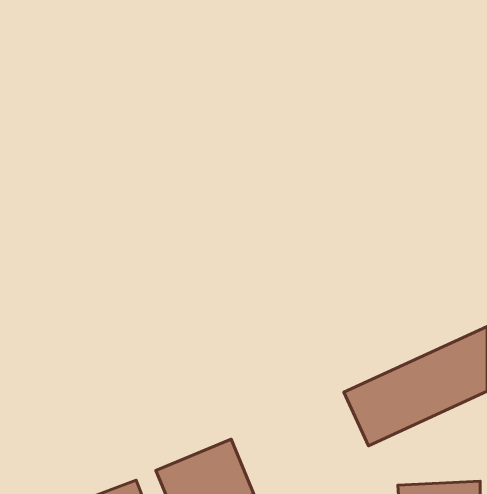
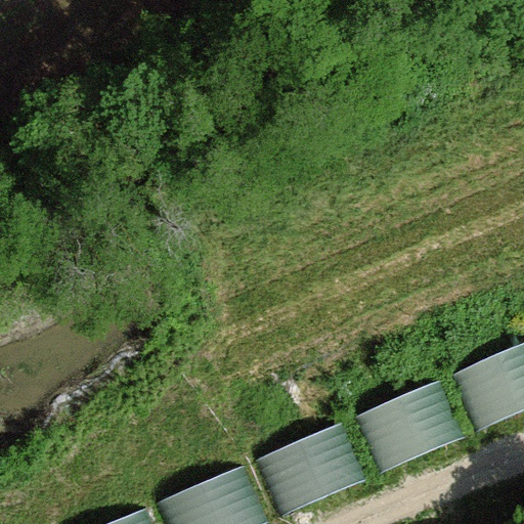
building: none -> [264,427,360,509]

